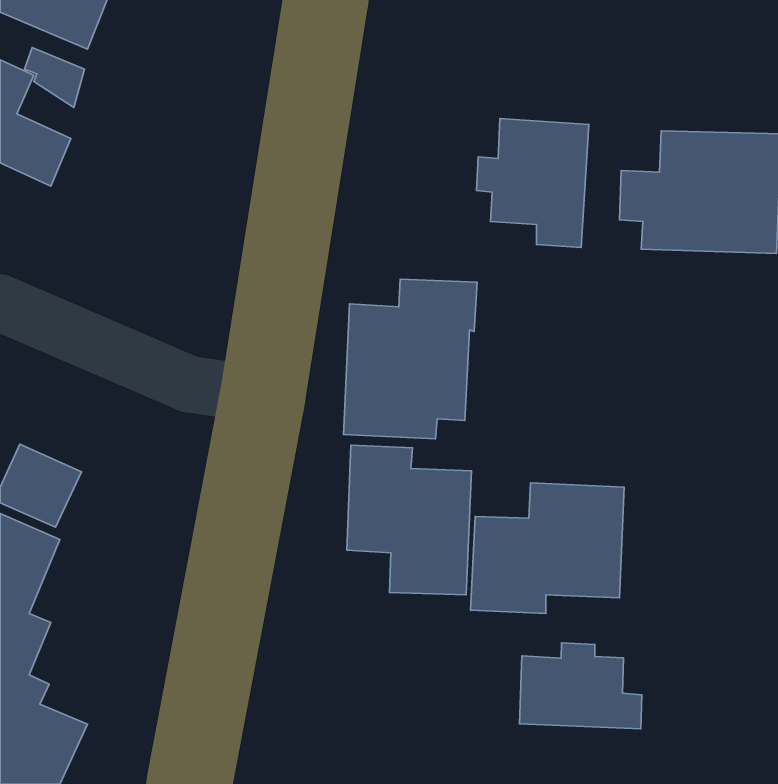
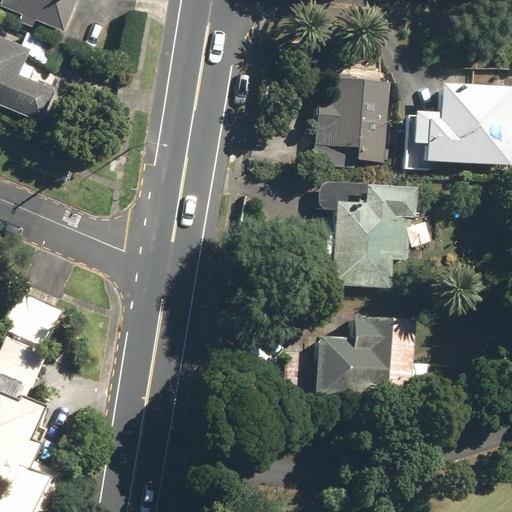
building: [343,279,477,439] -> [326,184,413,288]
building: [347,445,471,595] -> none
building: [520,643,642,729] -> none

